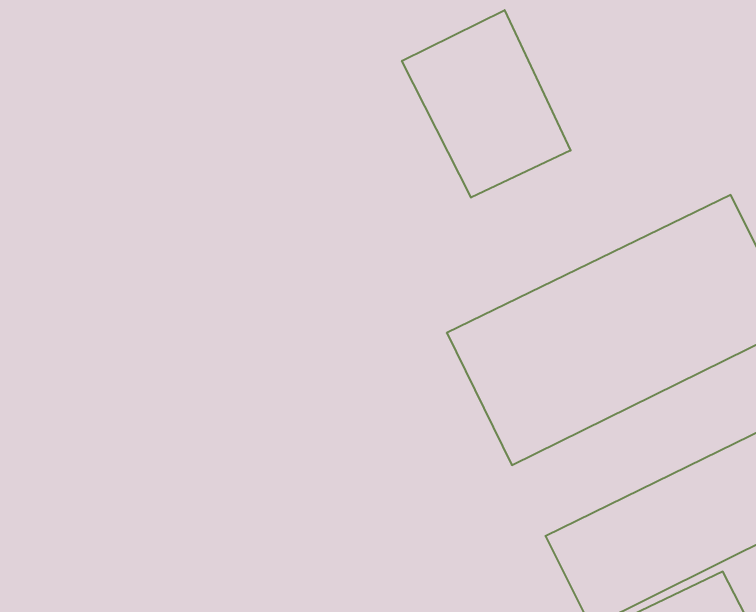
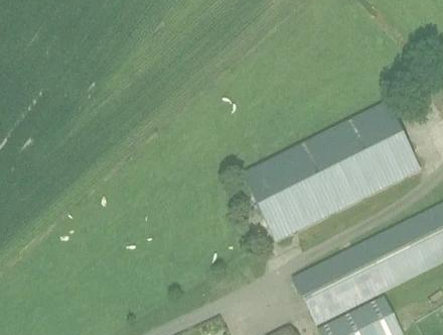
building: [402,10,571,198] -> none

